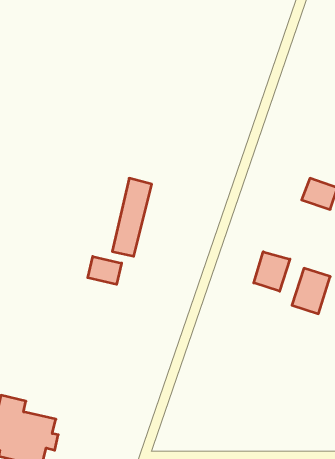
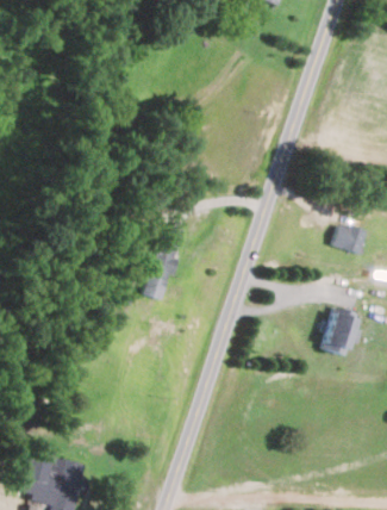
building: [254,252,290,291] -> none
building: [88,256,122,284] -> none

